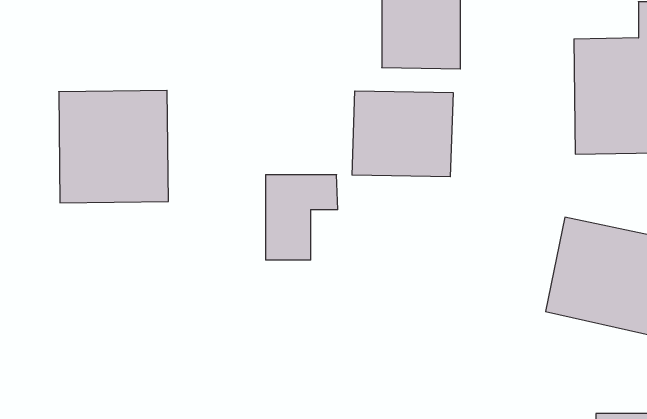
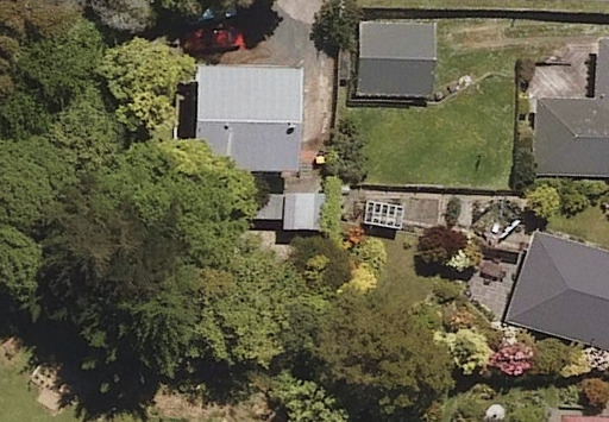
building: [59,90,168,203] -> [193,65,294,169]
building: [352,91,453,177] -> none

